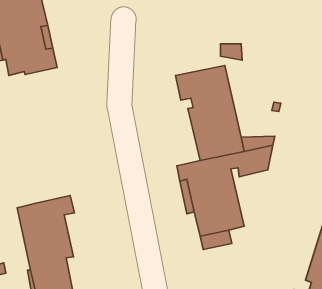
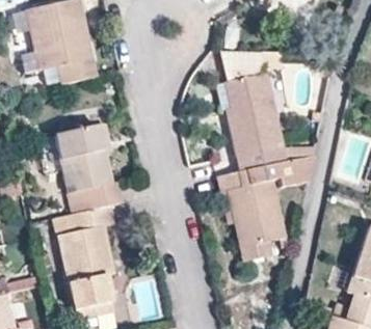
building: none -> [54,122,123,214]

